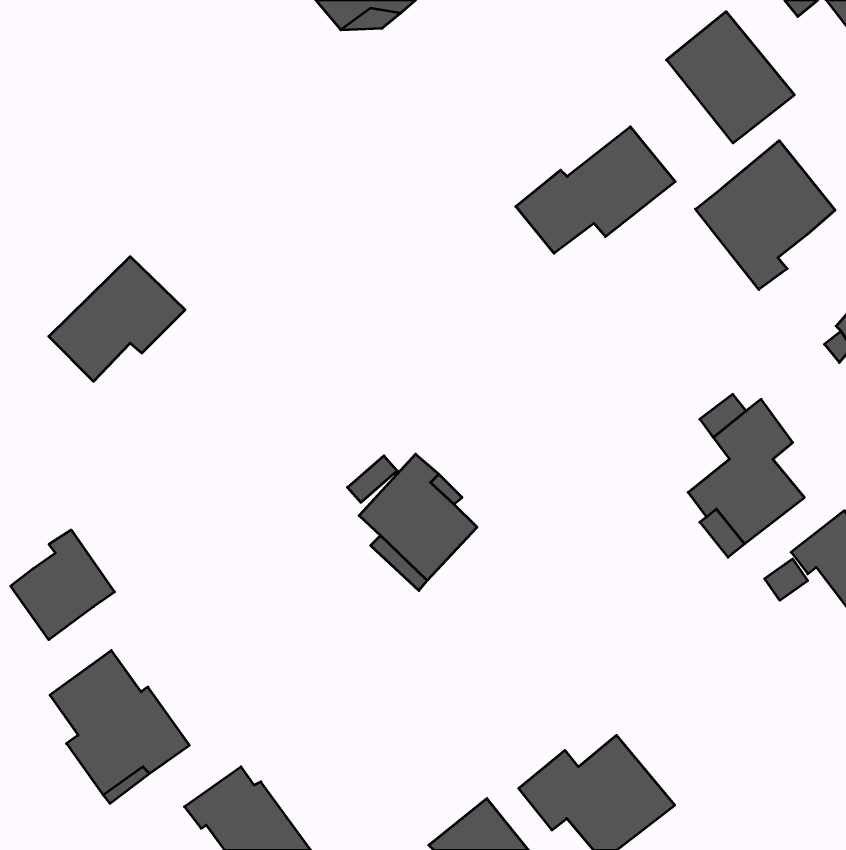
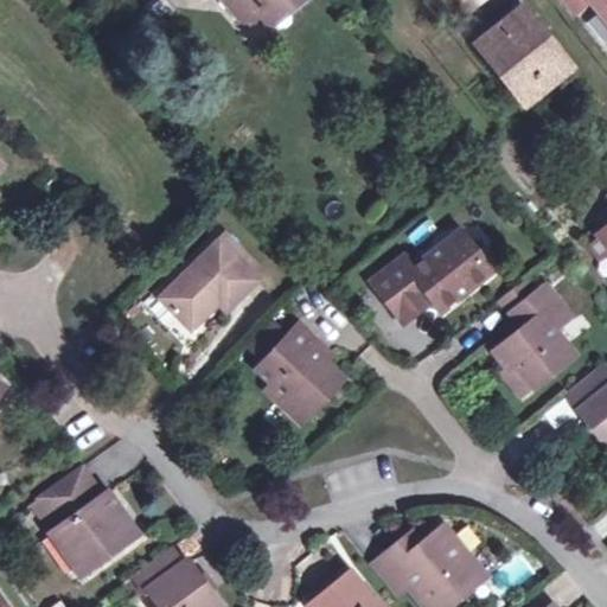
building: [516,127,675,253] -> [376,231,490,321]
building: [695,141,835,290] -> none
building: [49,257,185,381] -> [160,239,257,328]
building: [11,530,115,640] -> none

